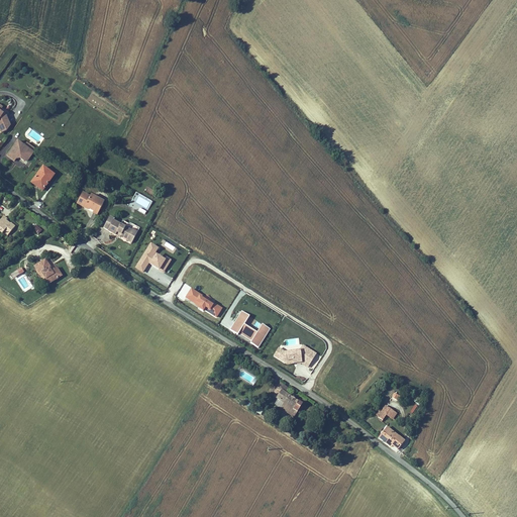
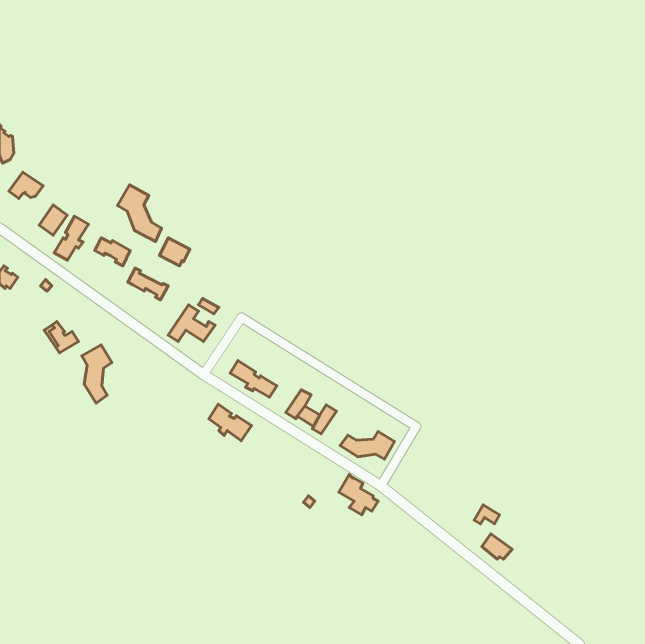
building: none -> [117,185,161,242]
building: none -> [54,216,89,260]
building: none -> [82,345,112,403]
building: none -> [209,404,251,441]

